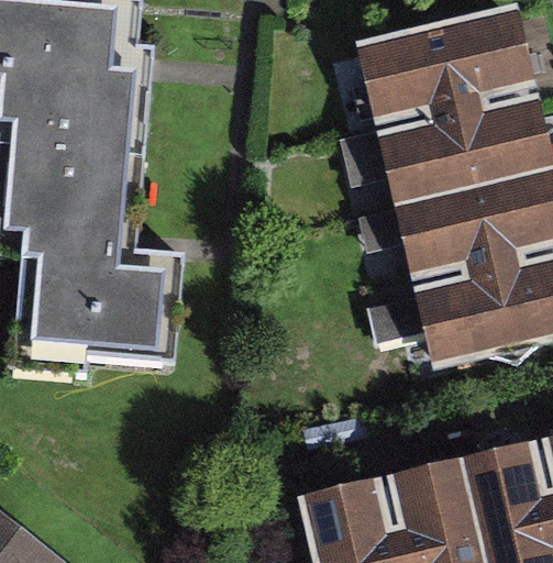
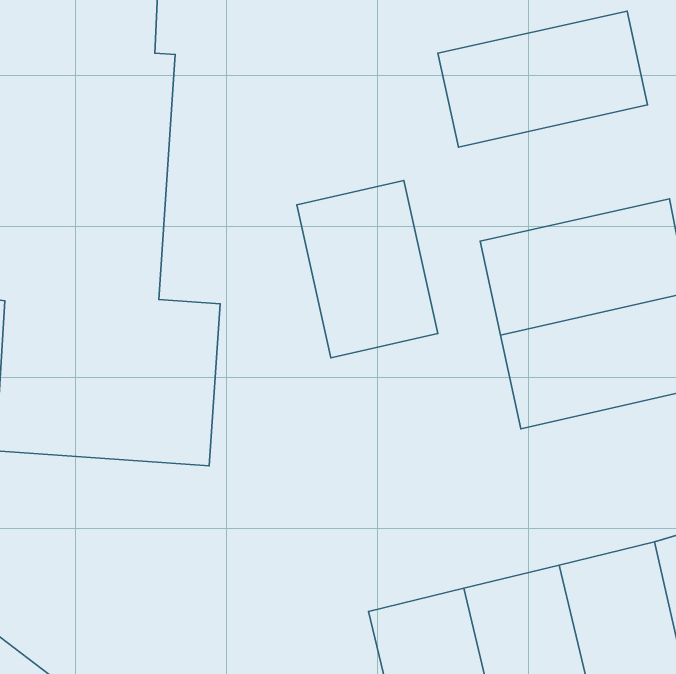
building: [375,88,545,198] -> none
building: none -> [297,181,438,358]

